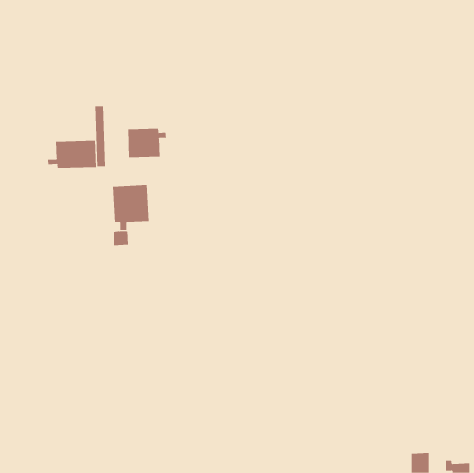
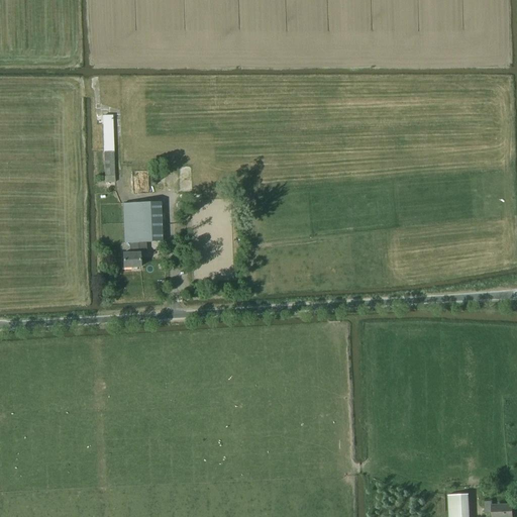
building: [128,128,166,158] -> none
building: [47,140,96,169] -> none

